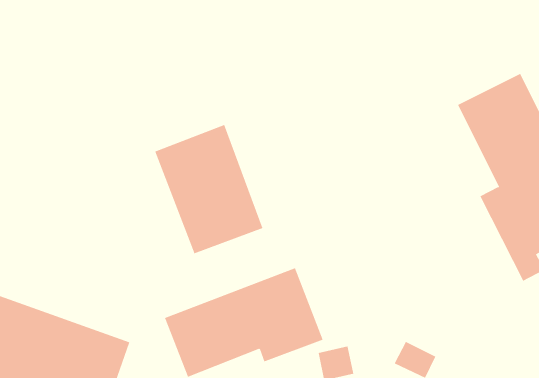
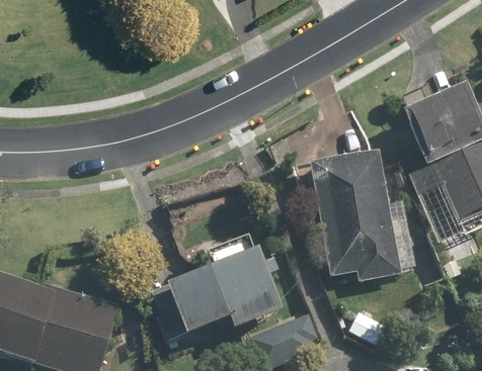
building: [155,124,263,254] -> none
building: none -> [309,151,417,284]

